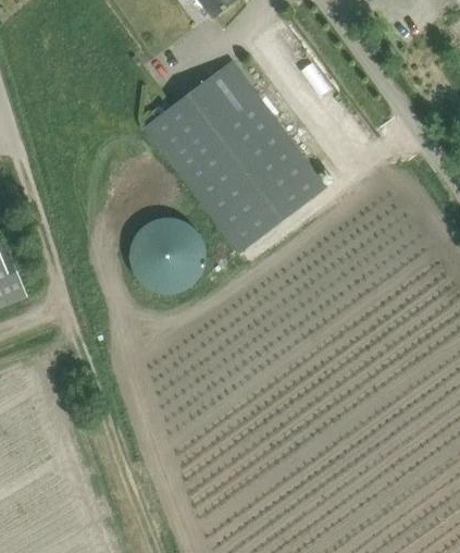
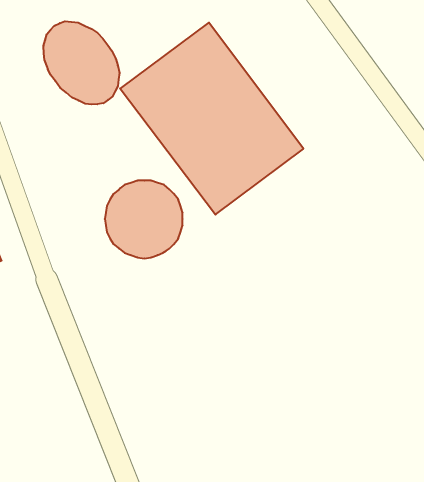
building: none -> [44,21,119,104]

